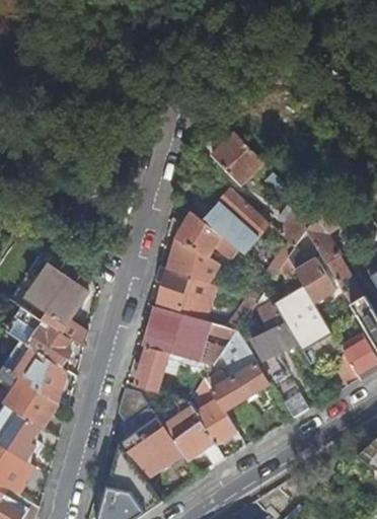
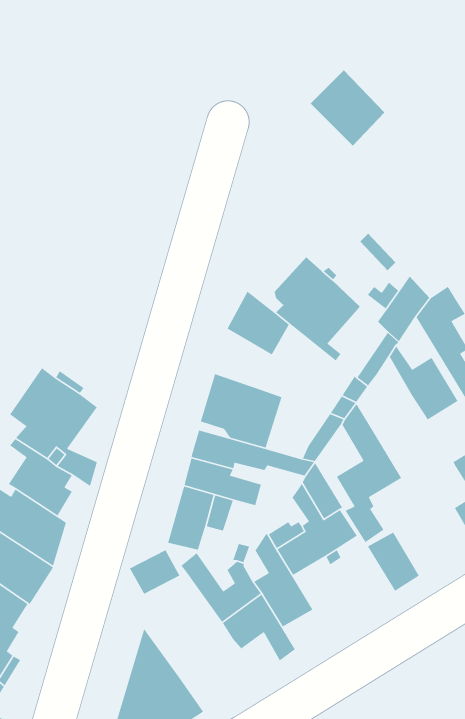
building: [211,134,262,187] -> [310,70,385,146]
building: [167,239,214,281] -> none
building: [273,285,331,351] -> none
building: [118,416,179,477] -> none

